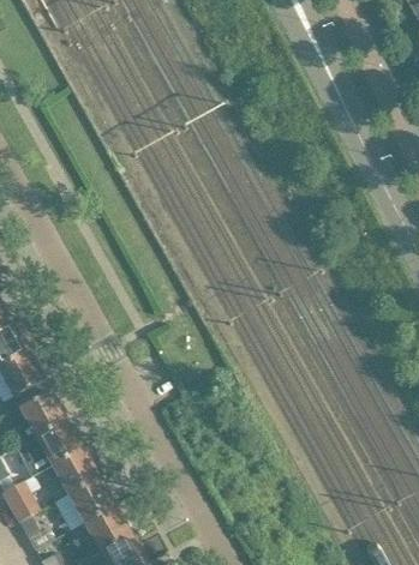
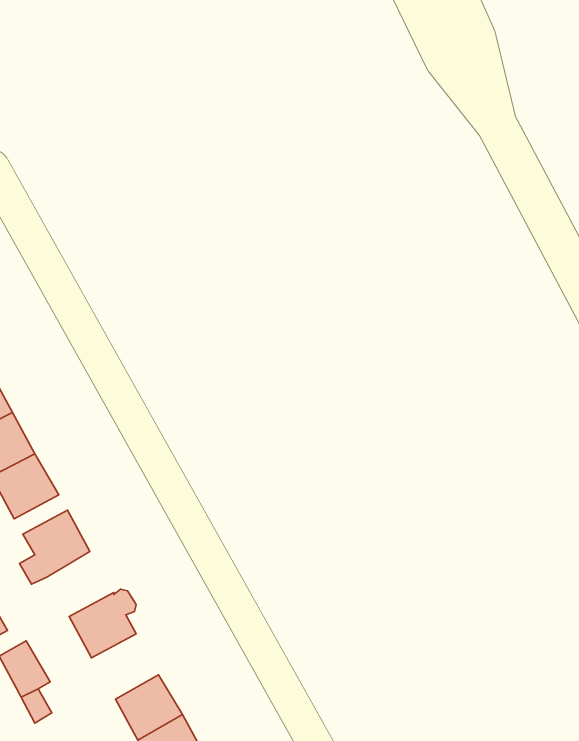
building: [18,421,85,467] -> none
building: [70,479,116,524] -> none

